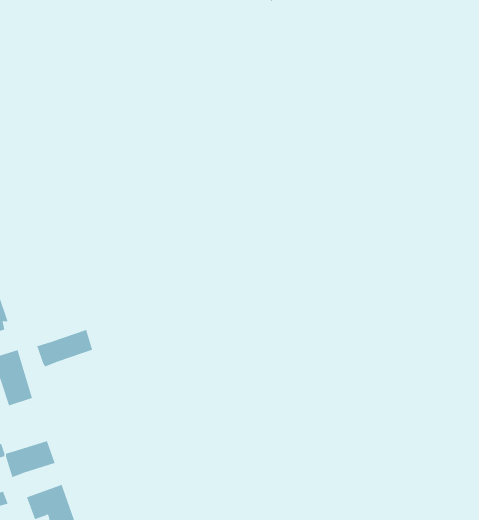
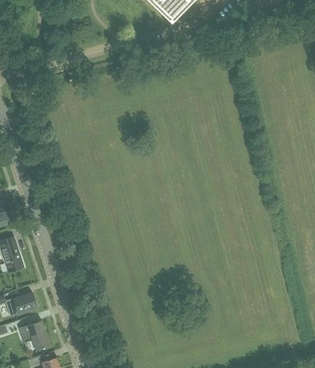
building: [36,329,93,367] -> none

